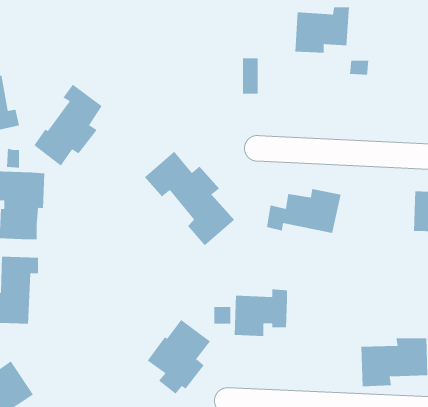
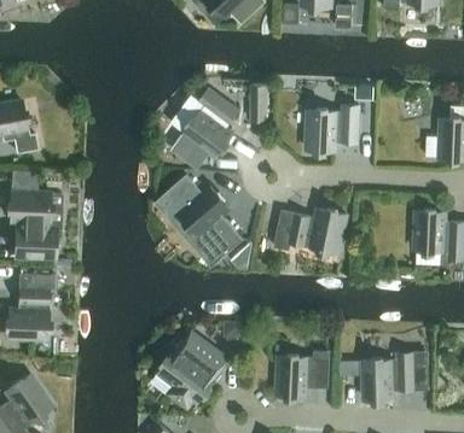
building: [294,7,350,53] -> [306,106,359,151]
building: [34,84,103,167] -> [170,89,237,169]
building: [234,289,288,337] -> [277,351,329,397]

